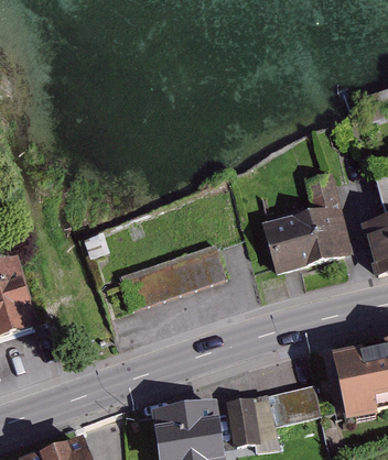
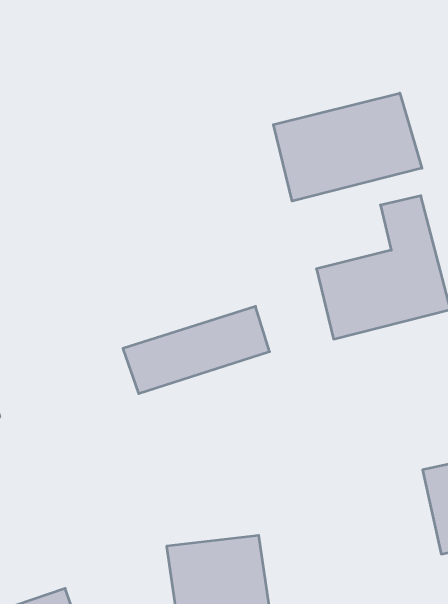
building: none -> [273,93,422,201]
building: [228,386,321,446] -> none

